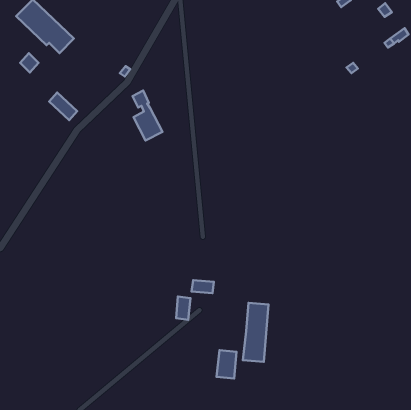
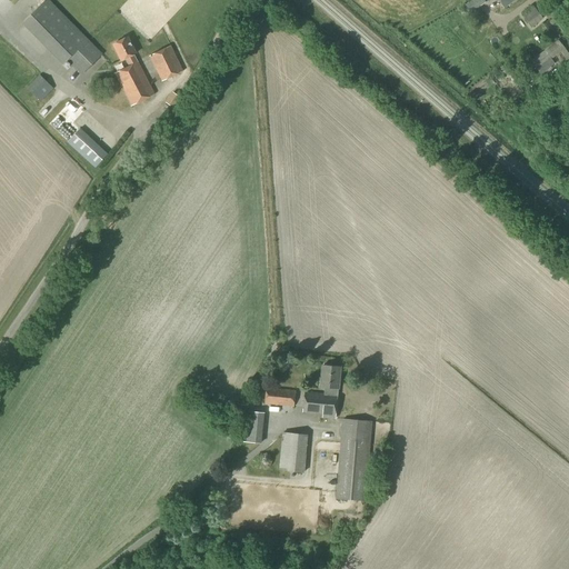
building: none -> [150,44,182,80]
building: [133,91,162,141] -> [113,36,154,104]
building: none -> [302,363,340,417]
building: [216,350,237,378] -> [279,431,307,470]

